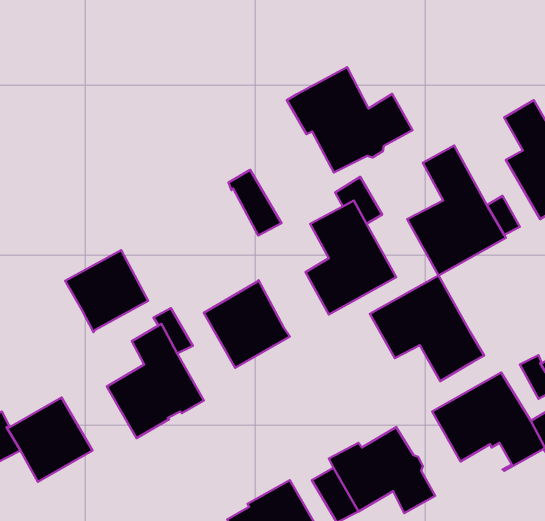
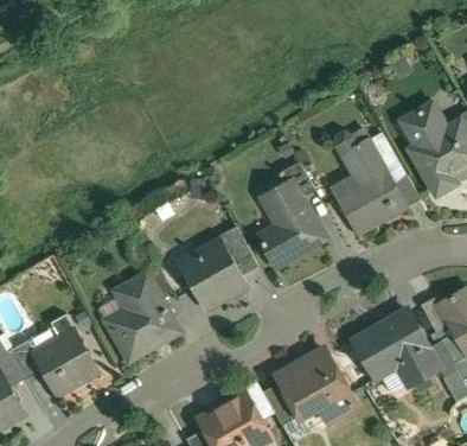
building: [287,67,412,173] -> none
building: [228,170,282,236] -> [218,227,258,276]
building: [65,250,148,332] -> none
building: [370,275,484,381] -> none

